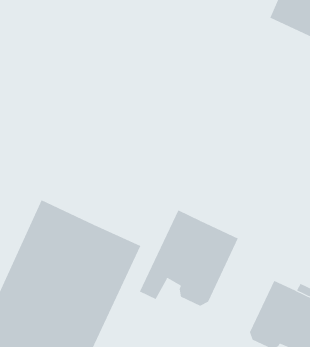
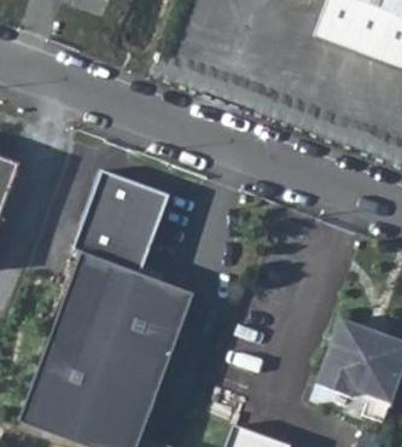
building: none -> [76,170,171,272]
building: [139,209,239,307] -> none

